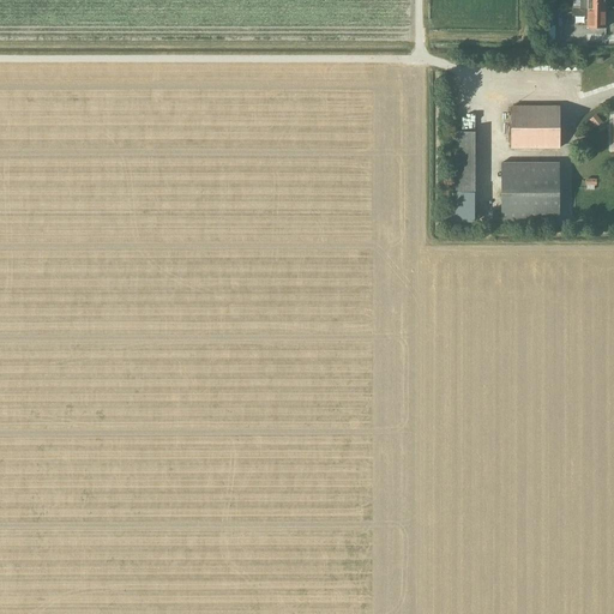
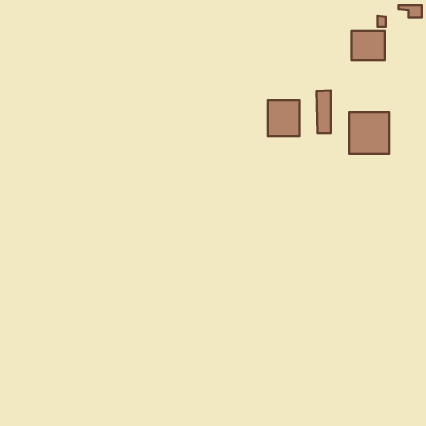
building: [512,104,560,146] -> [352,31,385,60]
building: none -> [268,100,300,136]

